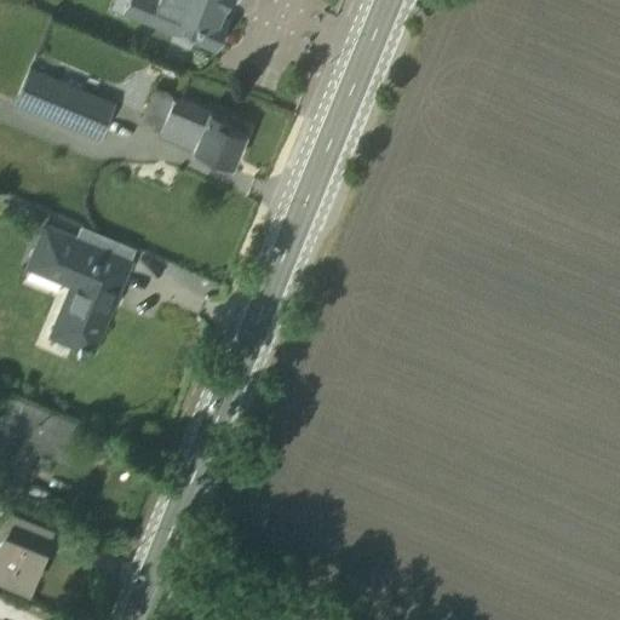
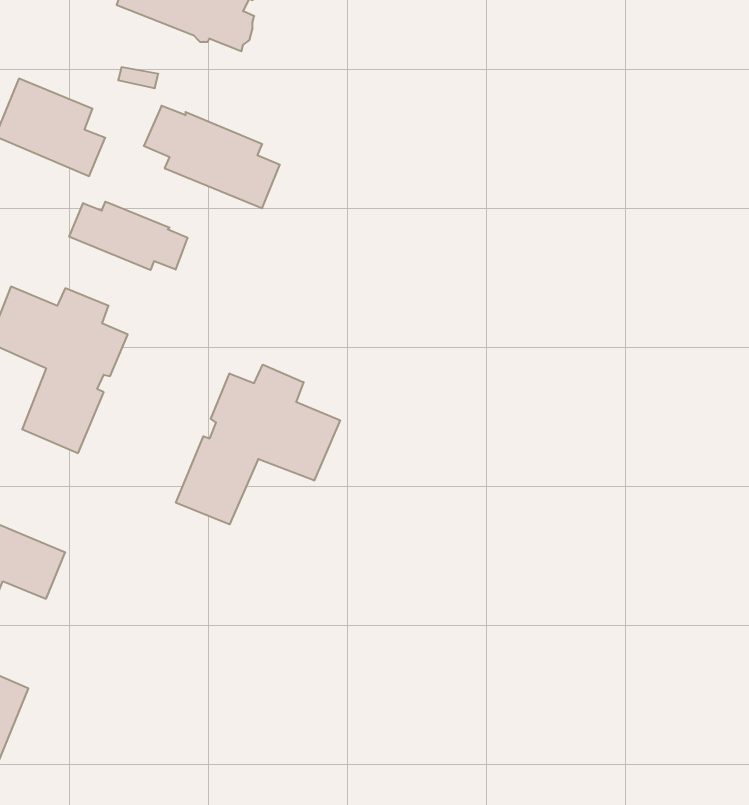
building: none -> [69,202,188,270]
building: none -> [176,365,340,524]

